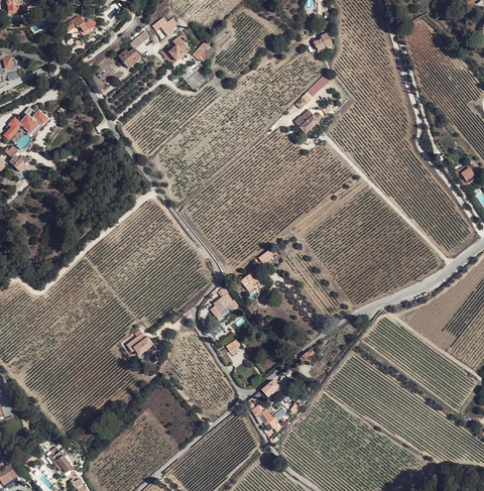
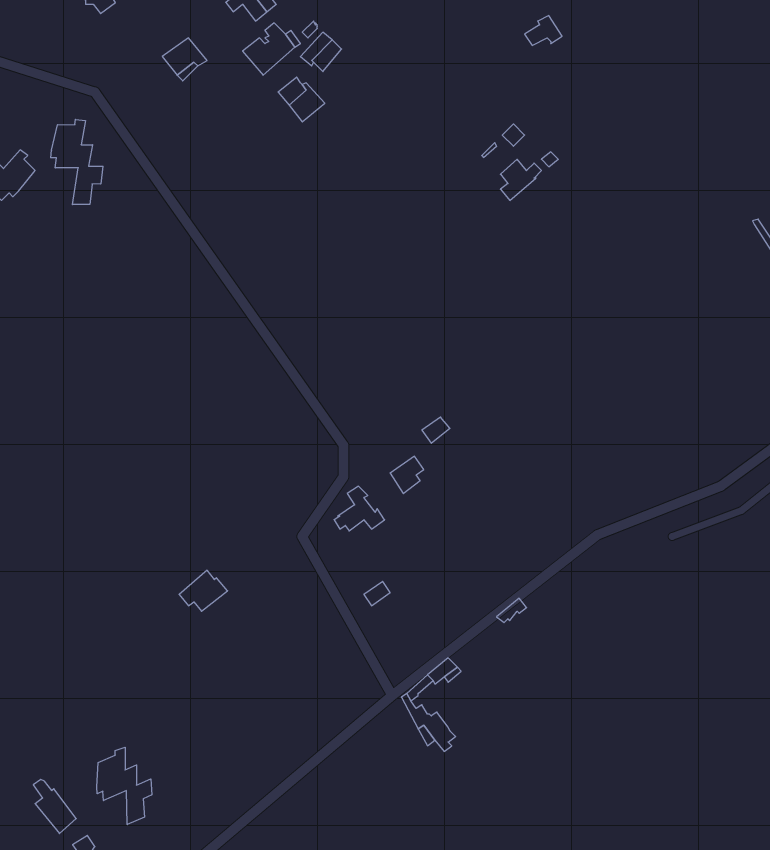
building: none -> [51,119,103,205]
building: none -> [97,747,152,825]

